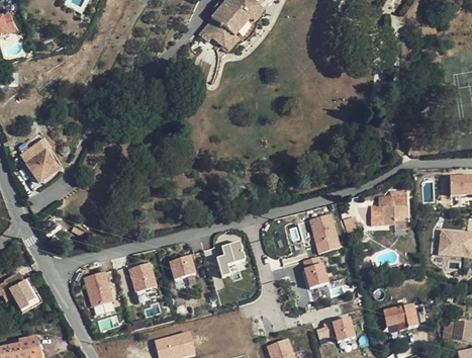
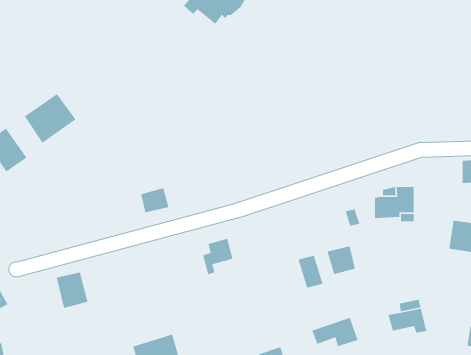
building: none -> [24,93,76,144]
building: [309,214,336,241] -> [327,246,356,275]
building: [171,256,197,279] -> [140,187,170,213]
building: [130,263,157,291] -> none

